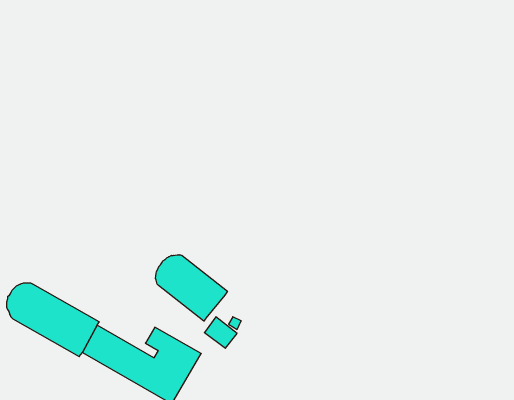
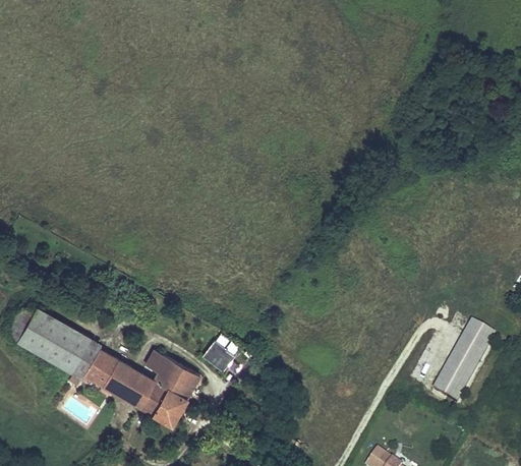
building: [156,255,227,321] -> none
building: none -> [435,321,495,399]

